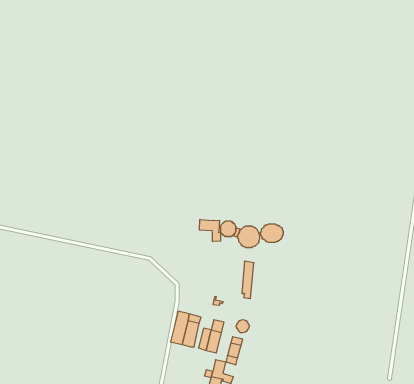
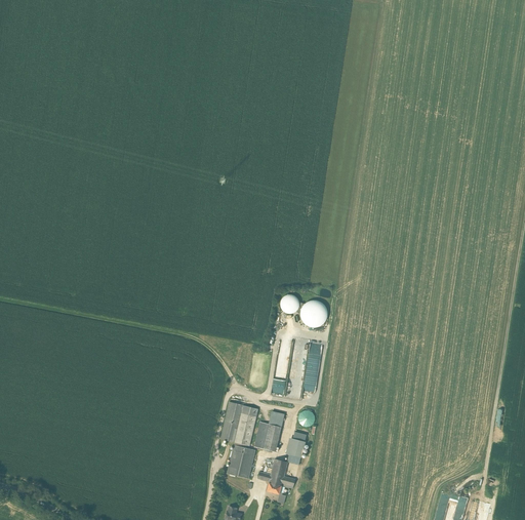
building: [199,219,221,242] -> none
building: [261,224,283,242] -> none
building: none -> [227,445,253,478]

